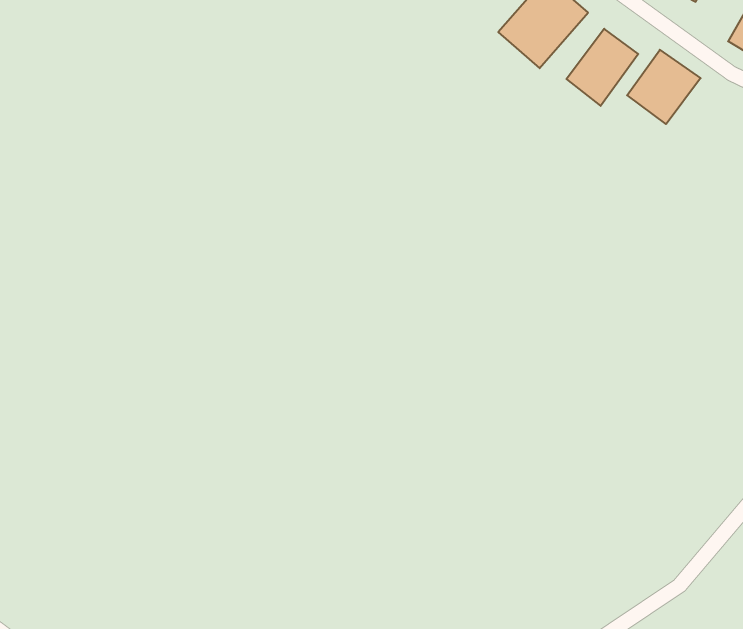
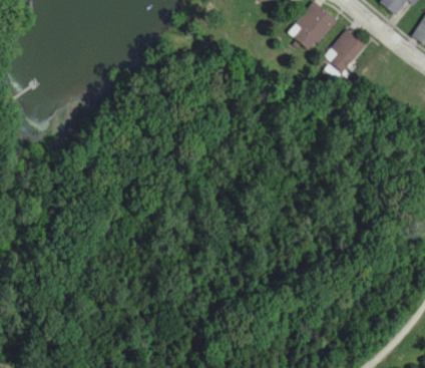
building: [627,50,701,124] -> none

